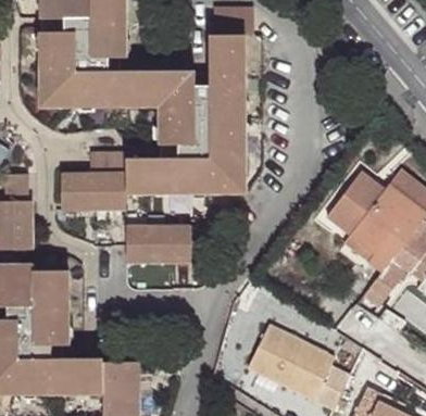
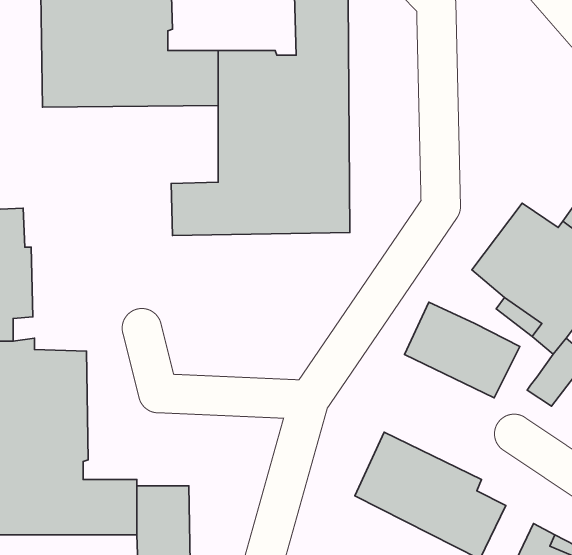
building: [60,152,127,211] -> none
building: [127,225,191,263] -> none
building: none -> [405,302,520,398]

